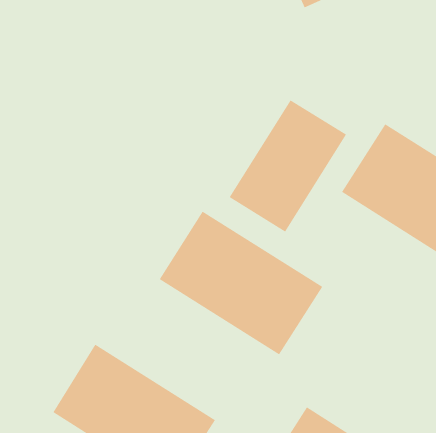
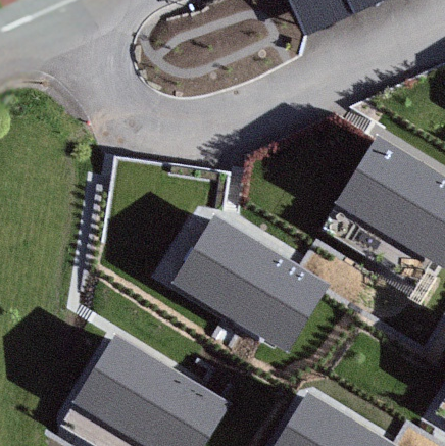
building: [229,99,347,232] -> none

